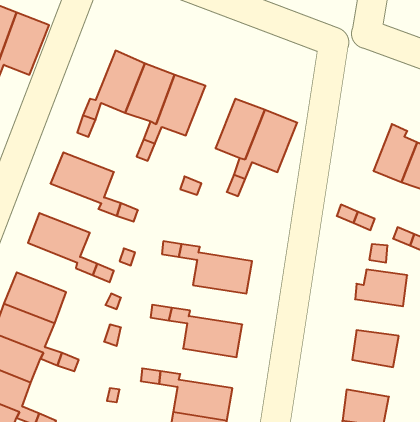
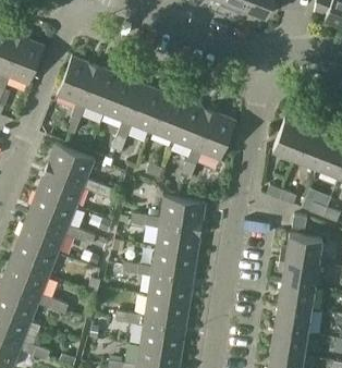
building: none -> [57,59,96,106]
building: none -> [150,95,188,143]
building: none -> [273,121,309,160]
building: none -> [37,170,85,208]
building: none -> [160,198,206,230]
building: none -> [20,216,66,254]
building: none -> [152,248,197,279]
building: none -> [279,259,318,287]
building: none -> [145,297,190,328]
building: none -> [274,306,310,334]

